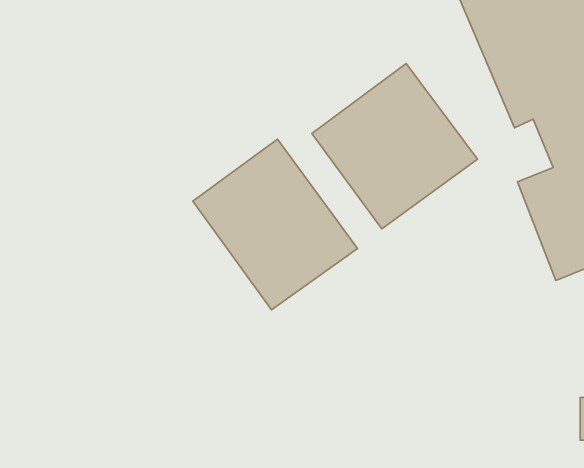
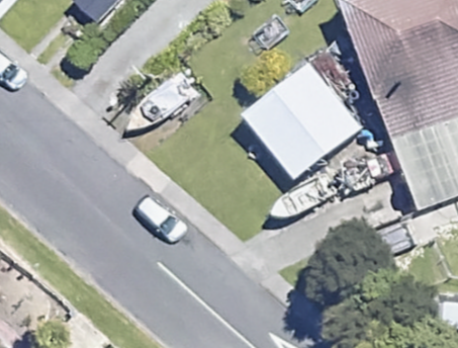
building: [193,139,358,310] -> none

